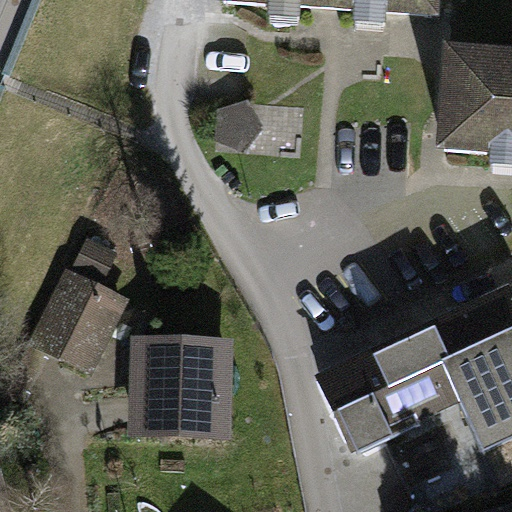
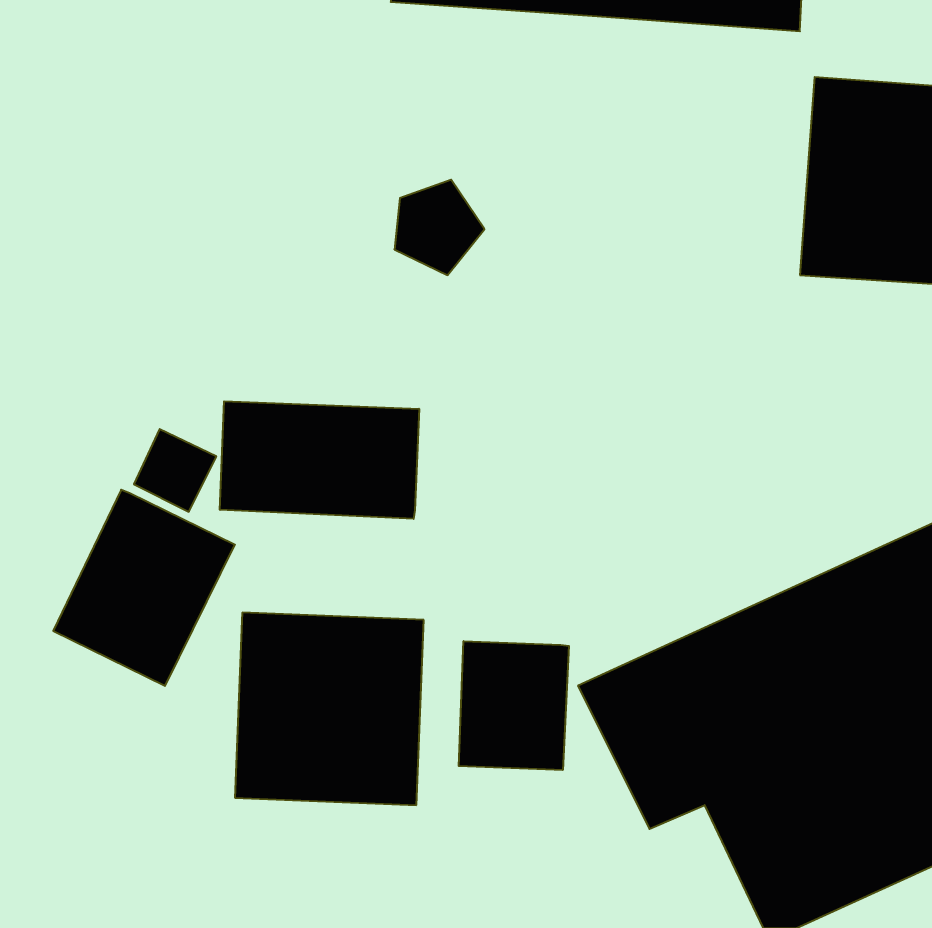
building: none -> [220,401,419,519]
building: none -> [459,641,569,770]

